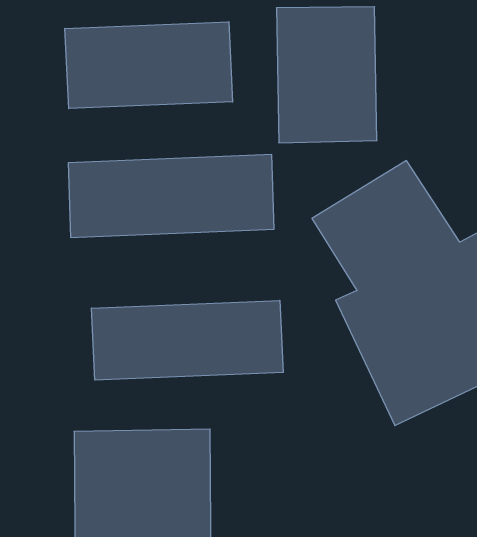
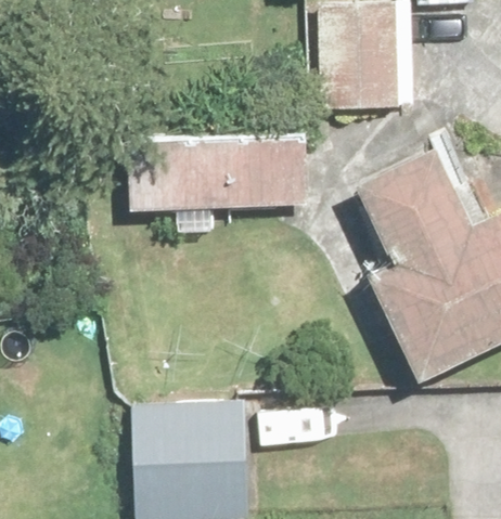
building: [65,22,233,109] -> none
building: [91,300,283,380] -> none

